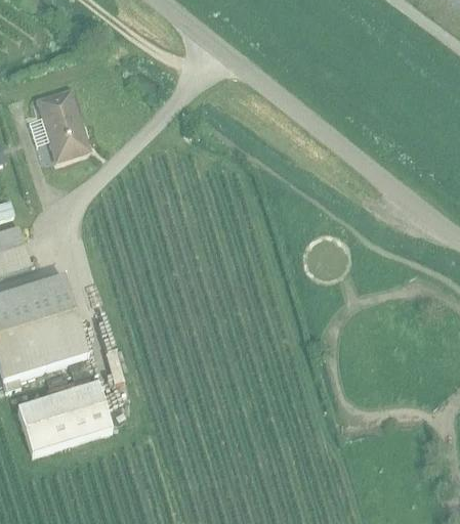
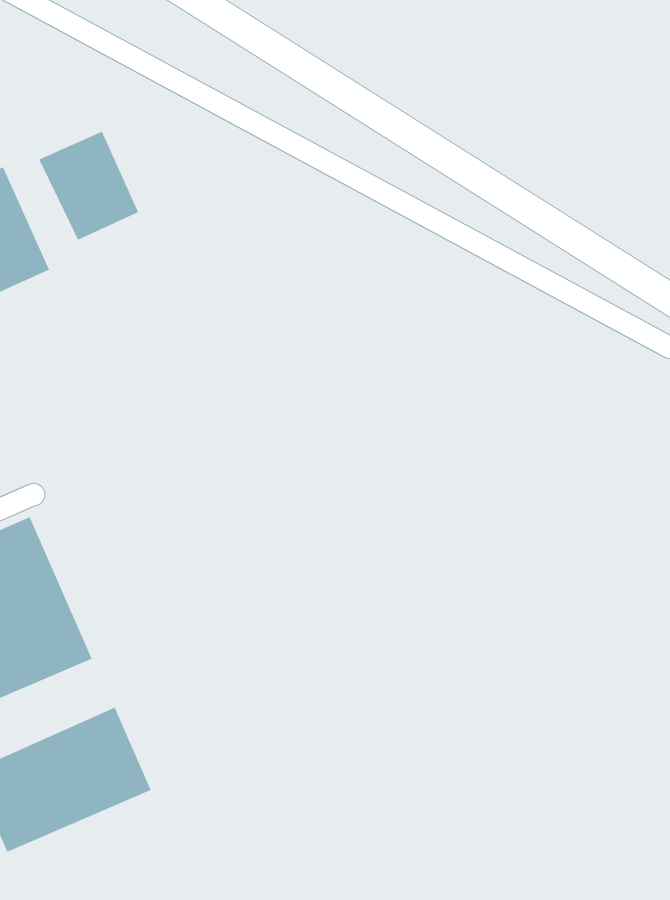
building: none -> [39,131,139,241]

